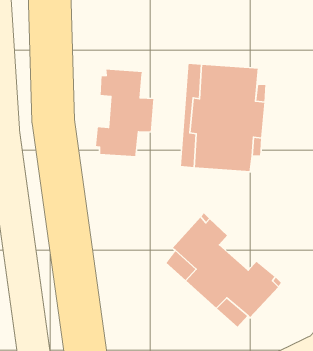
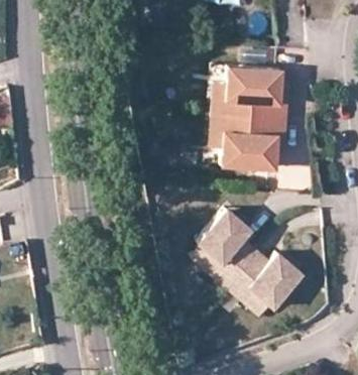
building: [95,69,154,157] -> none

